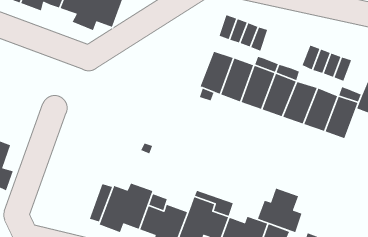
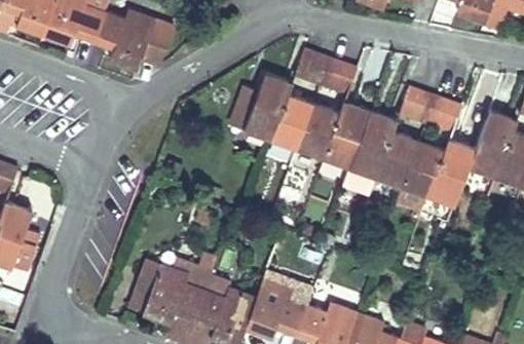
building: none -> [231,73,293,140]
building: [257,187,303,233] -> none

